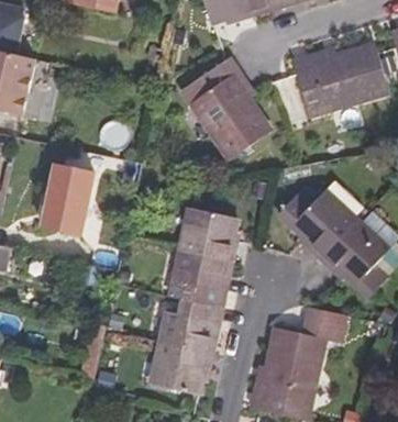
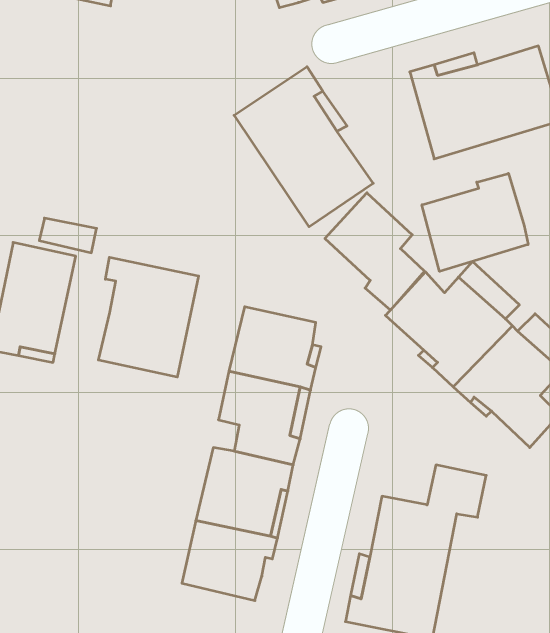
building: none -> [422,173,528,271]
building: none -> [325,193,424,310]
building: none -> [98,257,199,377]

